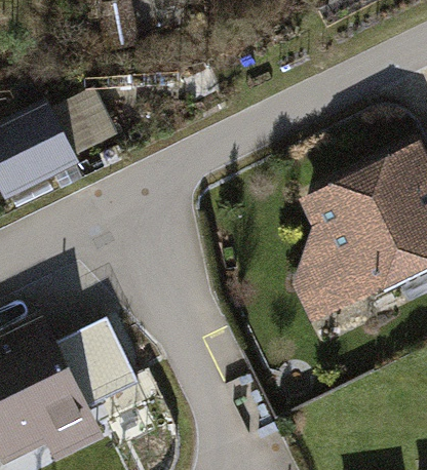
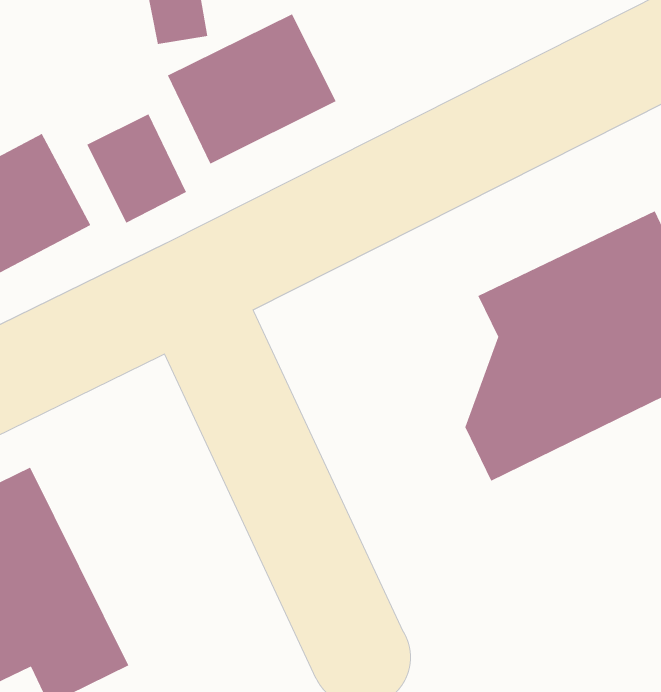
building: none -> [167,14,337,164]
building: [74,321,147,408] -> none

